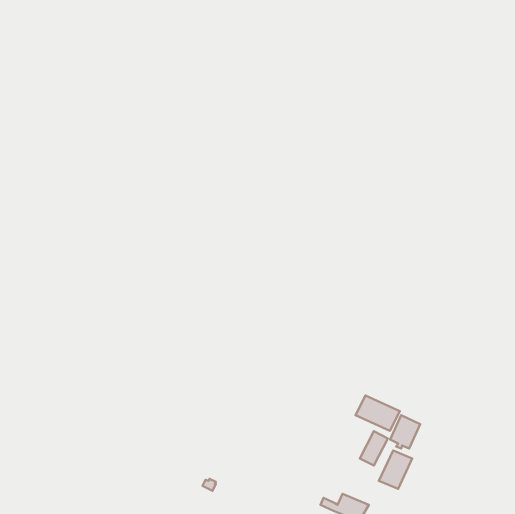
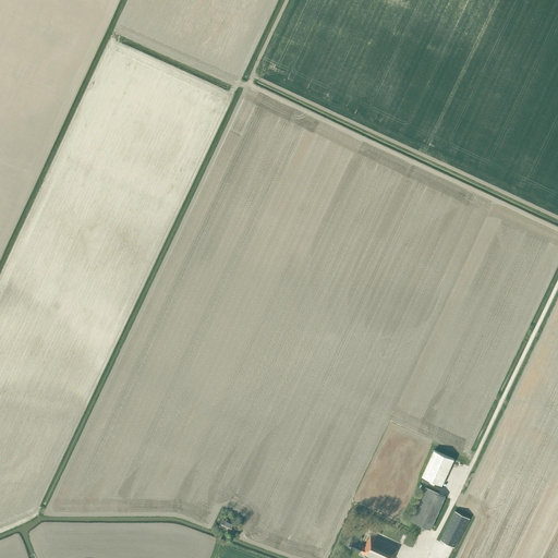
building: [355,395,400,431] -> none
building: [360,431,388,466] -> [439,511,470,548]

